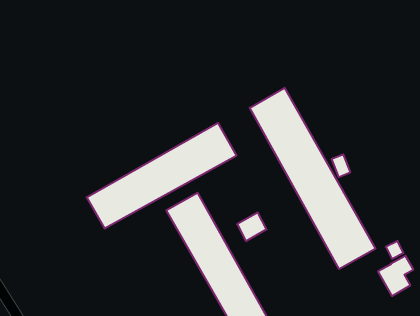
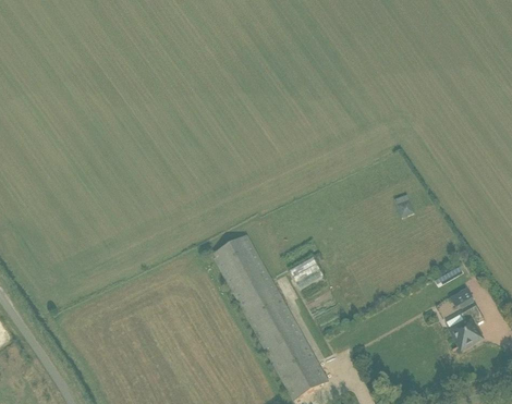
building: [250,88,375,269] -> none
building: [87,123,236,229] -> none

